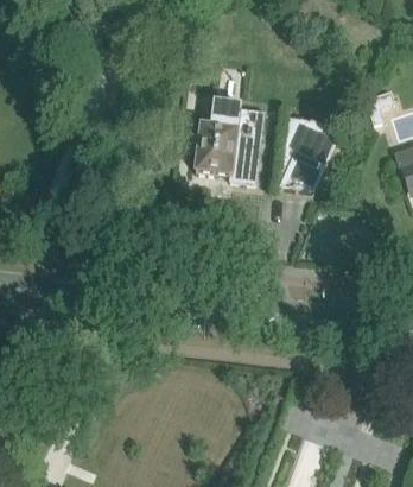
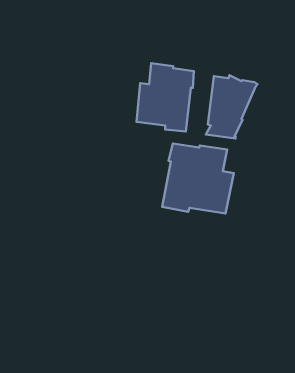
building: none -> [162,144,234,213]

